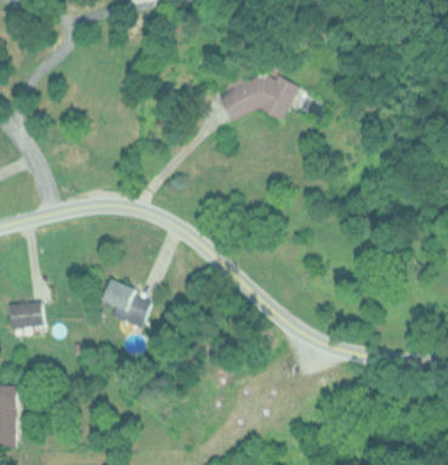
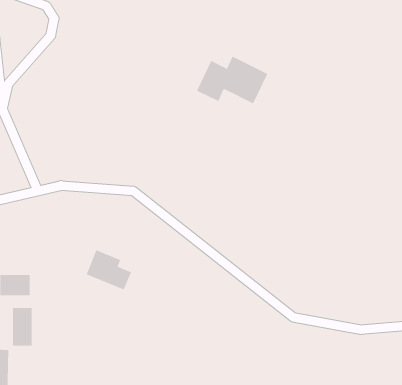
building: none -> [13,307,32,347]

